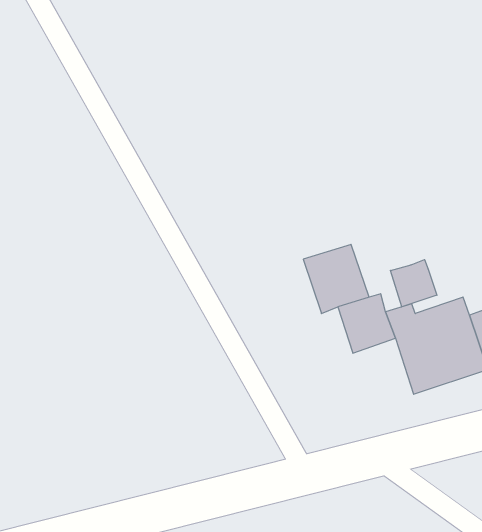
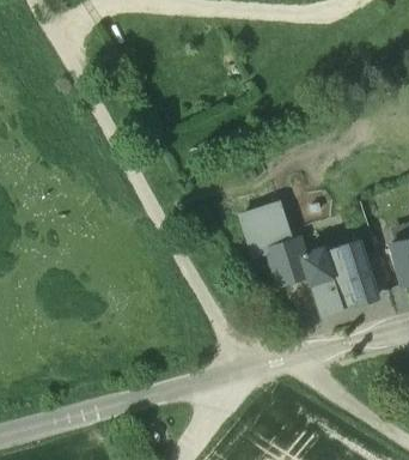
building: [390,260,437,307] -> none

